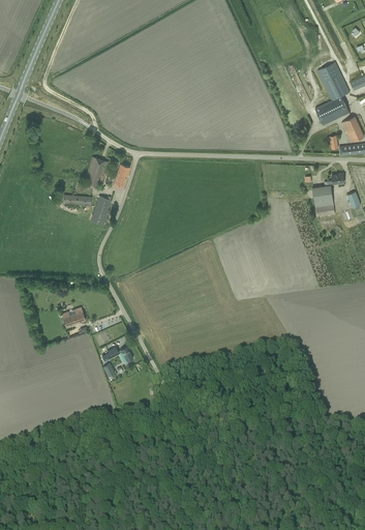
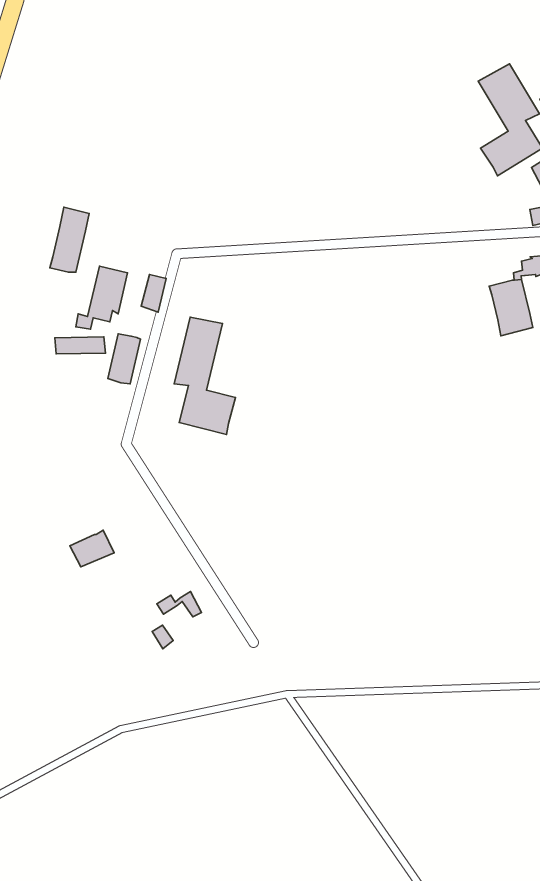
building: none -> [50,207,89,272]
building: none -> [174,317,236,435]

